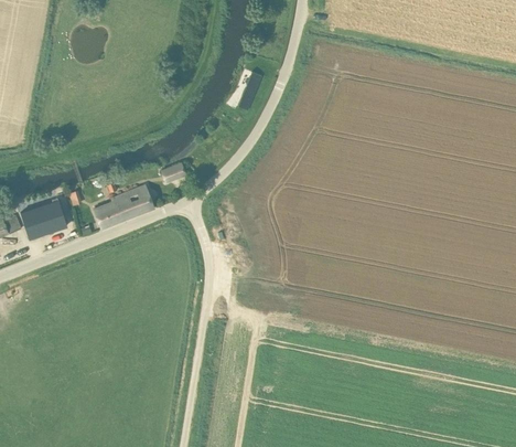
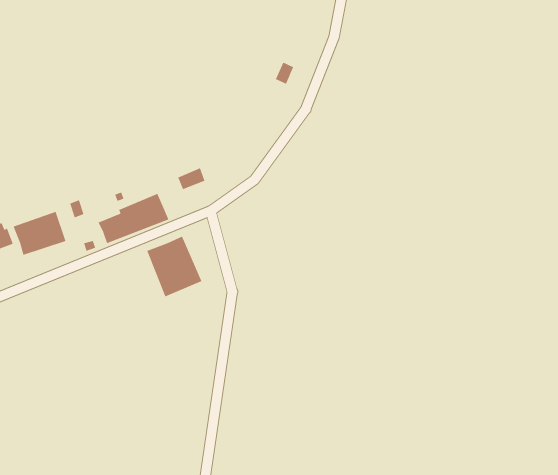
building: none -> [146,236,202,297]

